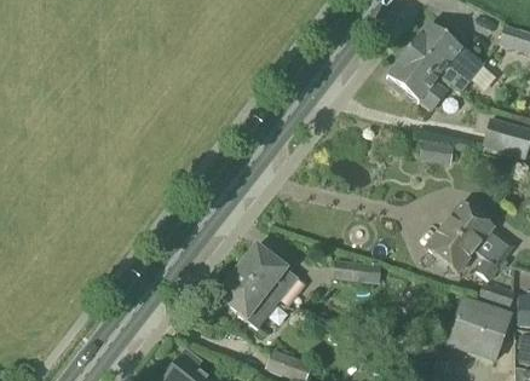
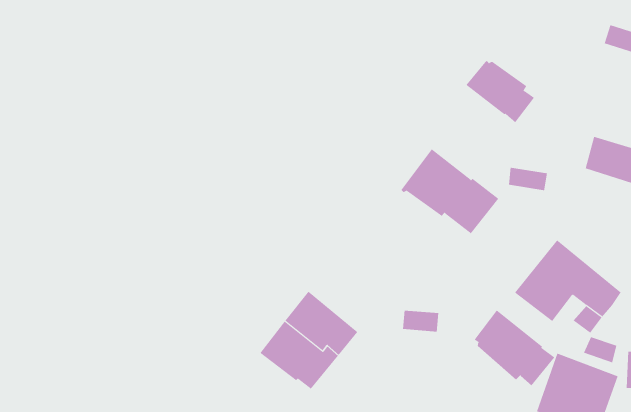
building: [404,22,485,92] -> [400,149,499,234]
building: none -> [474,309,555,386]

